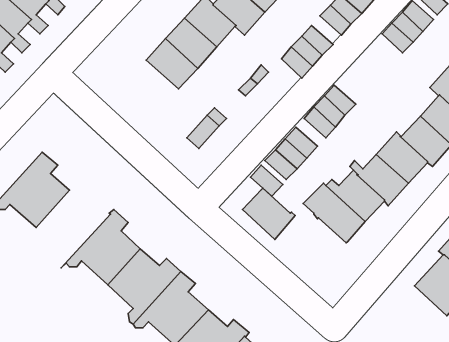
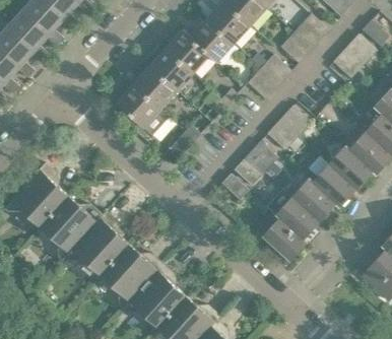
building: none -> [115,84,168,135]
building: [242,188,295,240] -> [261,218,306,262]
building: none -> [39,195,102,261]

